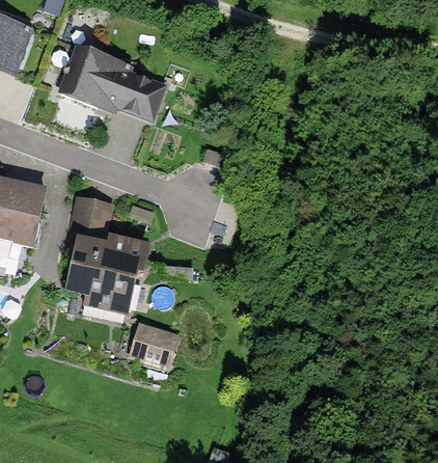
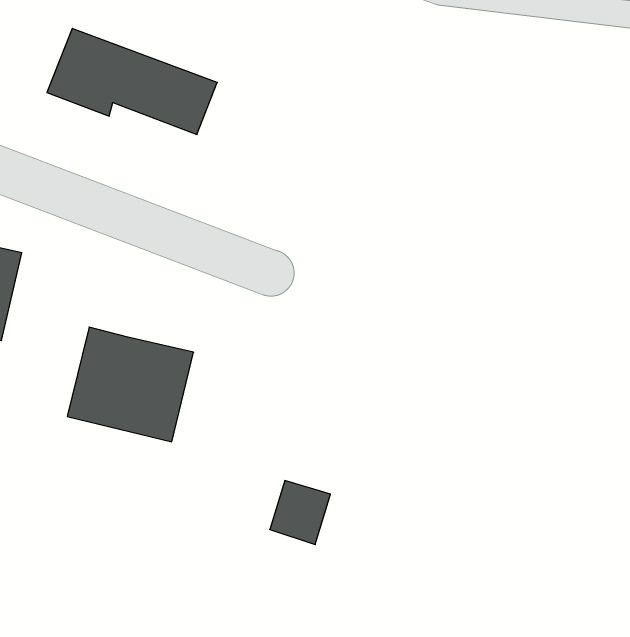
building: [64,193,117,251] -> none
building: [139,326,176,365] -> [270,481,330,545]

